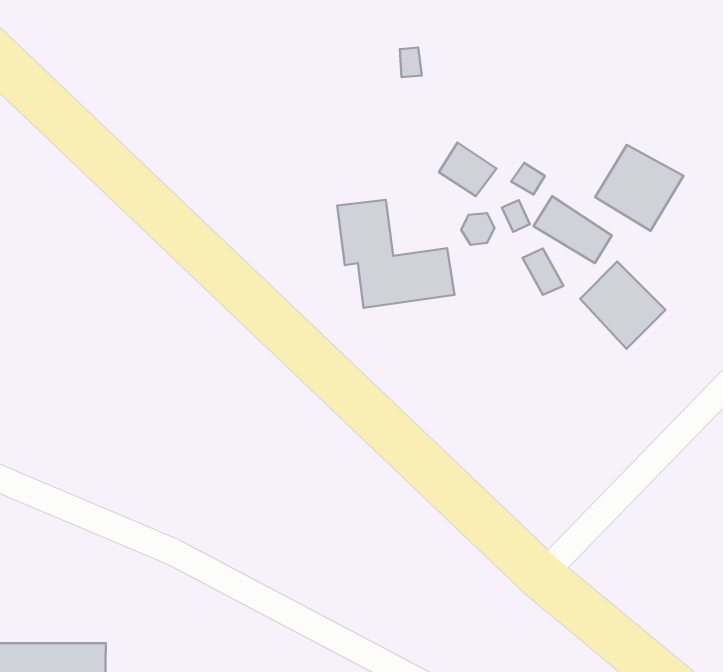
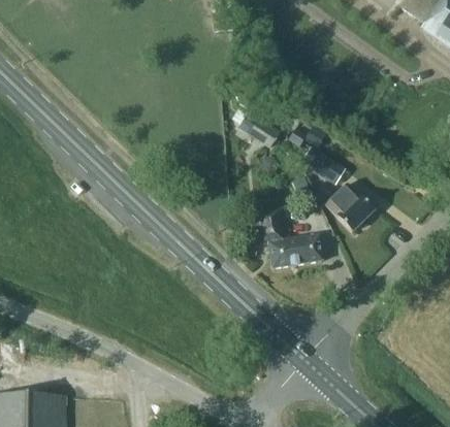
building: [595,145,684,231] -> none
building: [337,200,454,308] -> [259,208,324,268]

